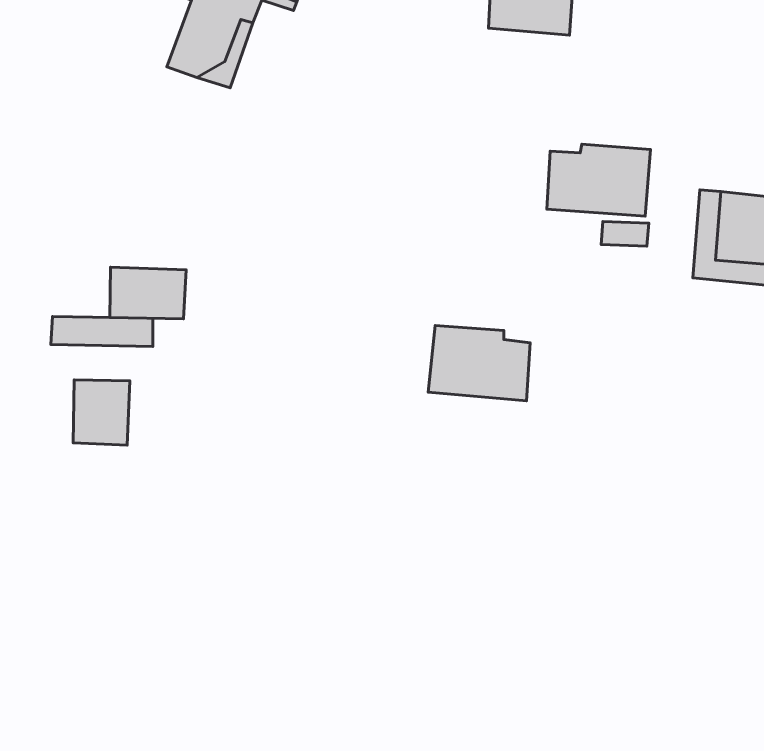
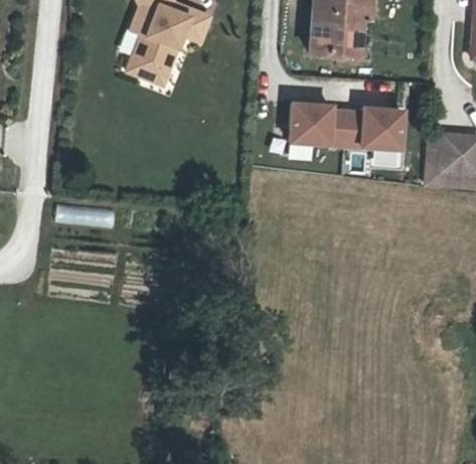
building: [110,267,186,319] -> none
building: [428,325,530,401] -> [289,103,347,146]
building: [73,380,130,445] -> none

